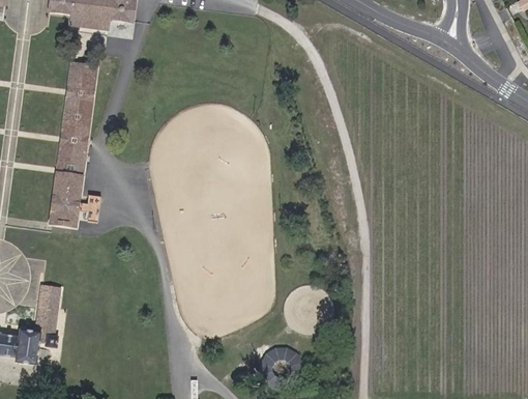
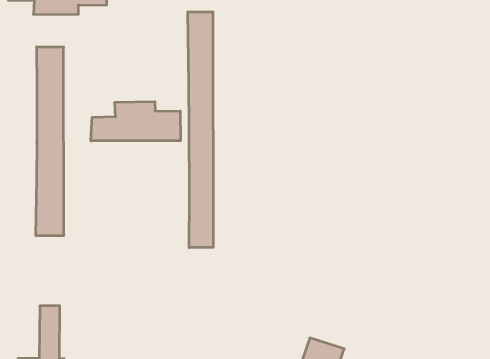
building: none -> [188,12,213,248]
building: none -> [91,102,180,141]

